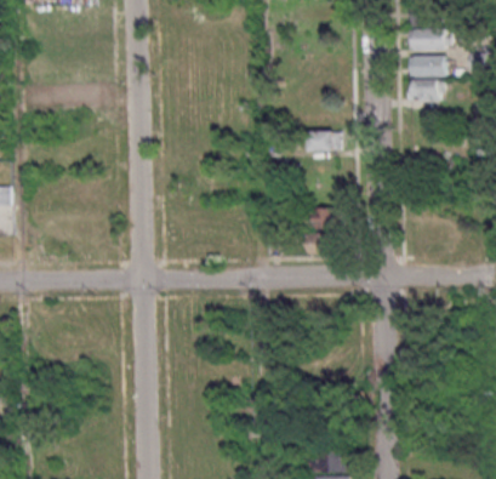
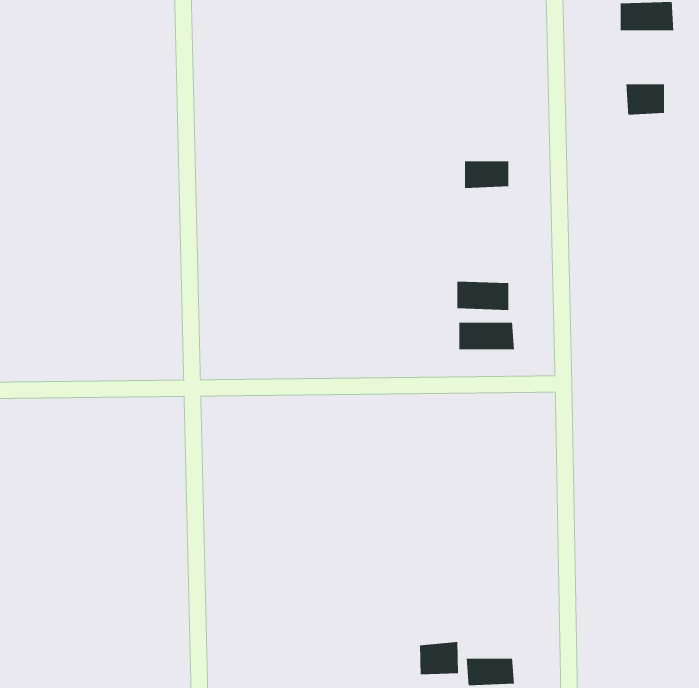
building: [407,55,441,76] -> none
building: none -> [419,641,459,675]

